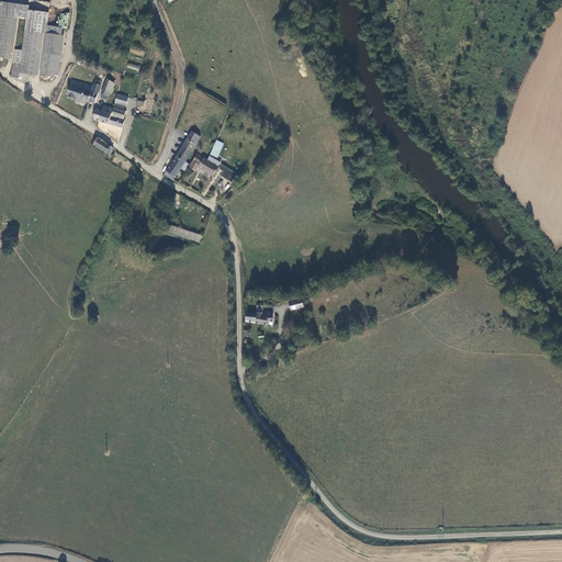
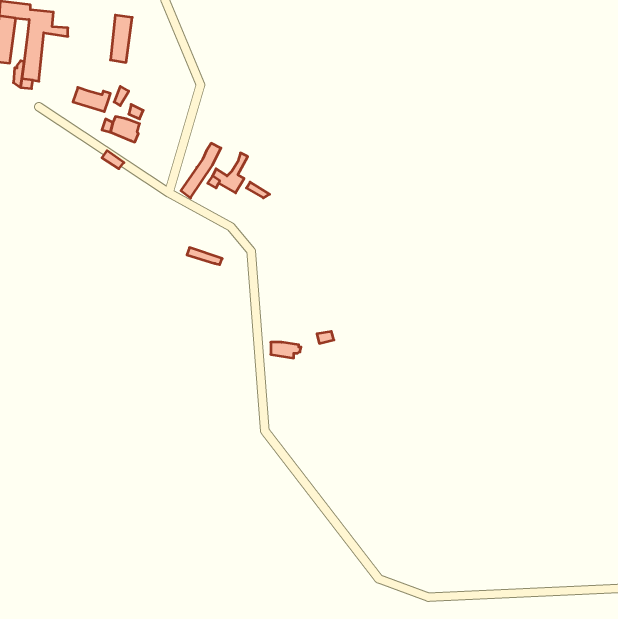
building: [42,32,61,75] -> [110,15,132,62]

